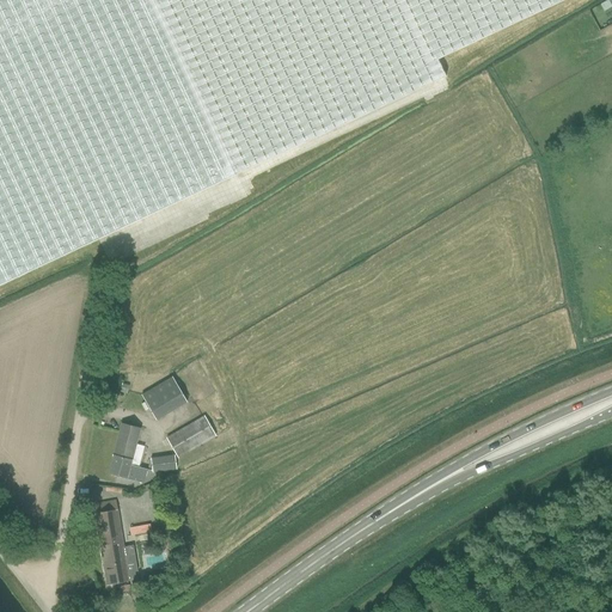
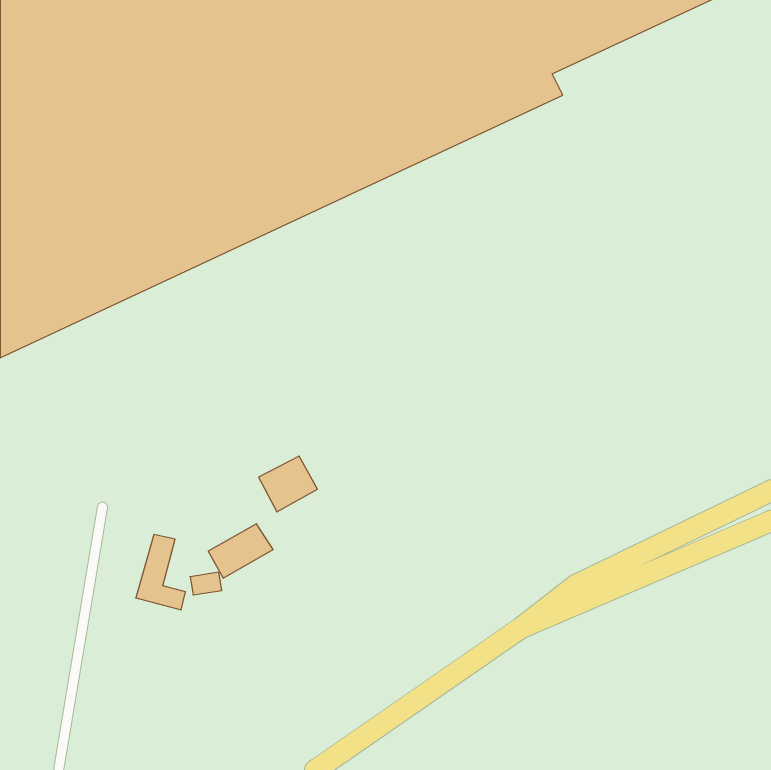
building: [141,374,188,418] -> [259,456,317,512]
building: [93,500,135,583] -> none

